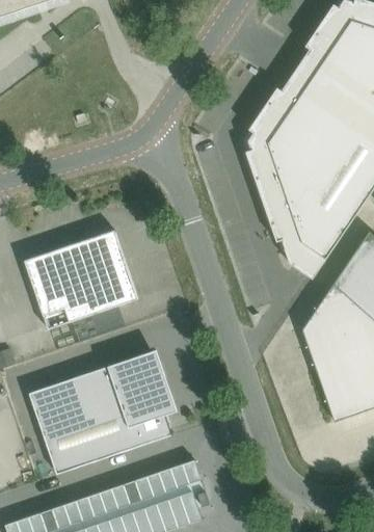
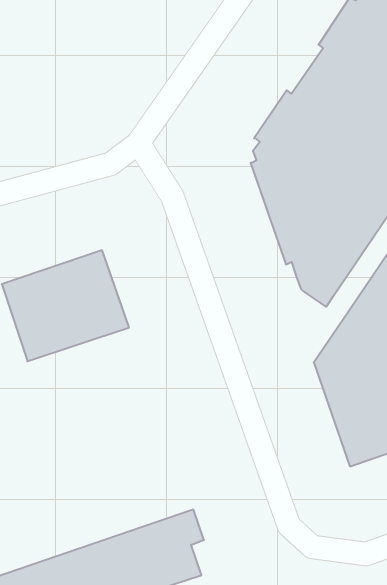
building: [29,351,173,474] -> none

